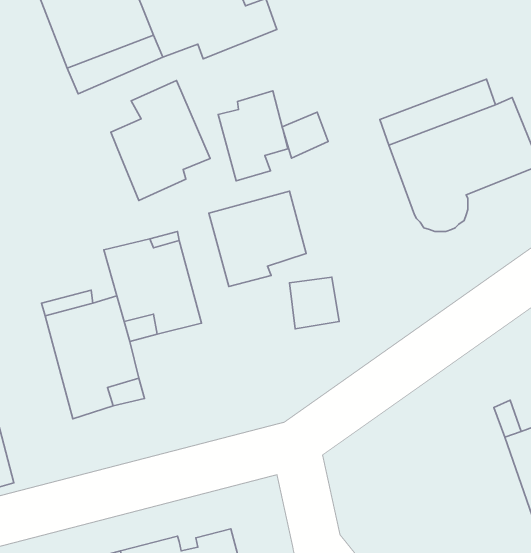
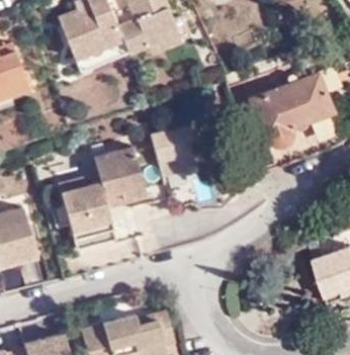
building: [111,81,210,200] -> none
building: [218,91,288,181] -> none

